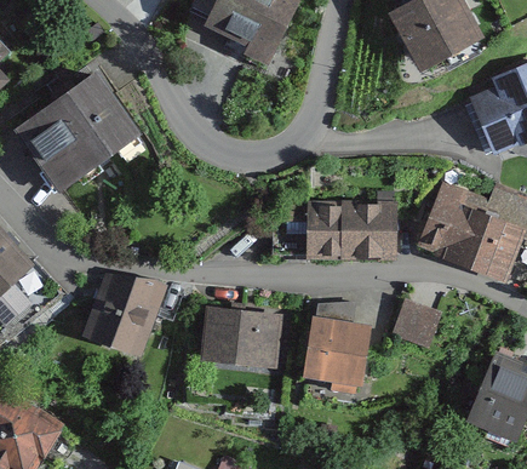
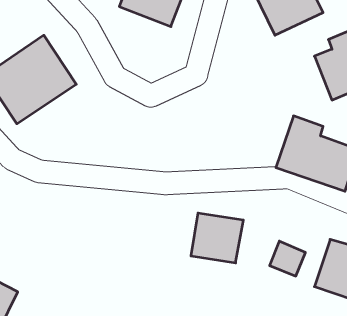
building: [303,205,395,257] -> none
building: [84,274,171,360] -> none
building: [393,297,442,345] -> [270,241,305,276]
building: [197,304,285,368] -> none

